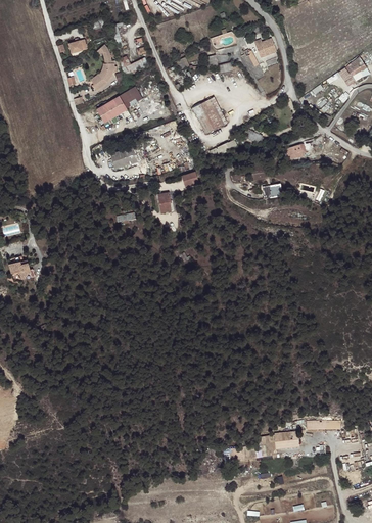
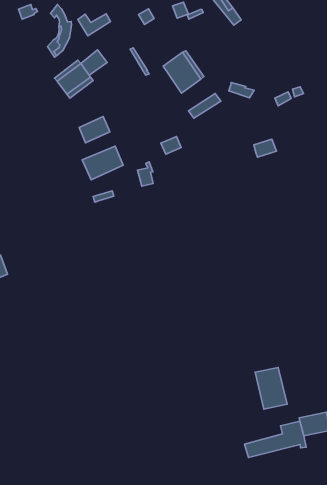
building: none -> [82,146,123,180]
building: none -> [255,367,287,409]

